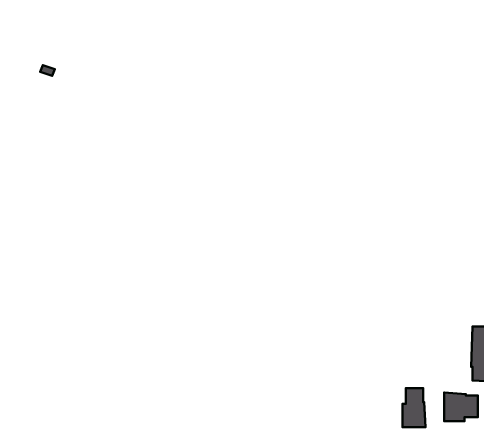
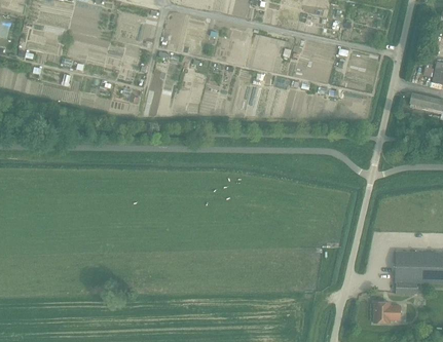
building: [403,388,425,427] -> none

